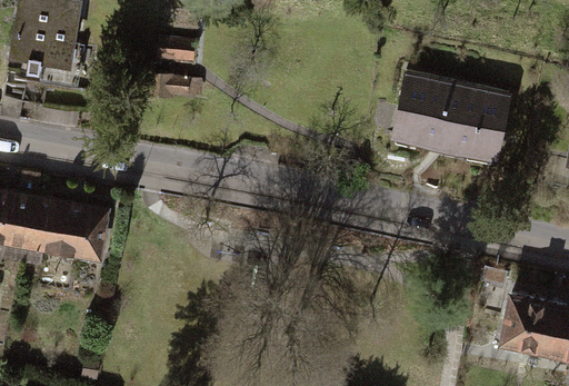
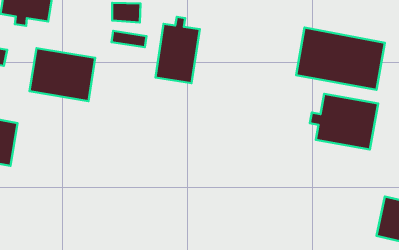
building: none -> [155,17,200,83]
building: none -> [310,94,378,149]
building: [24,198,110,267] -> [30,48,95,101]

